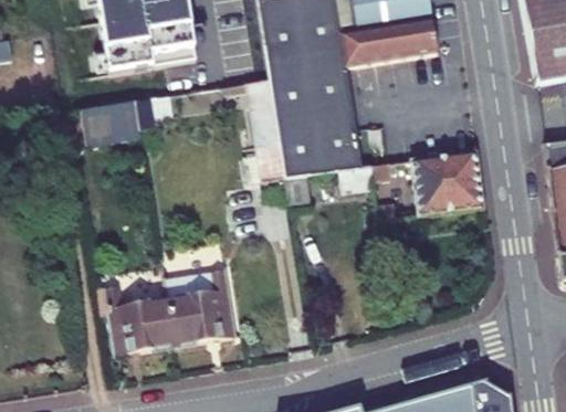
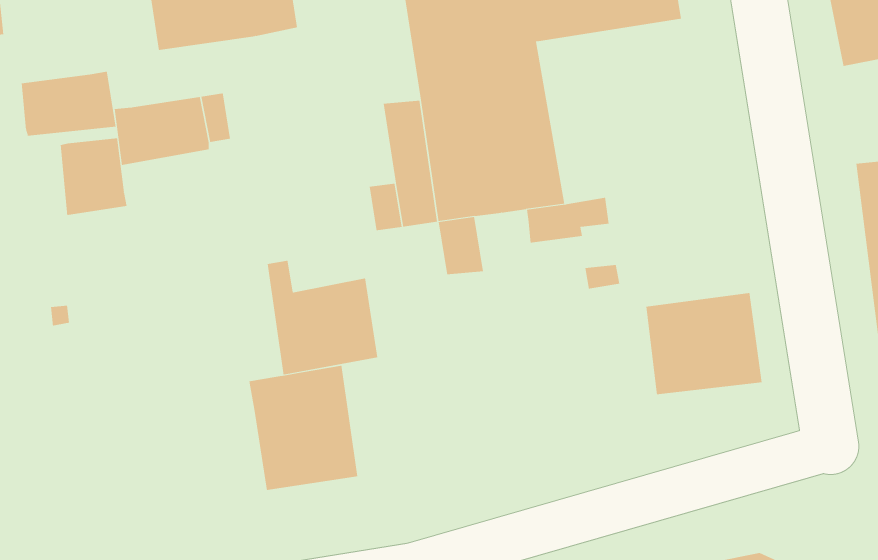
building: none -> [21,71,116,137]
building: none -> [60,137,127,216]
building: [412,150,485,214] -> [646,292,762,395]
building: [108,285,178,357] -> [267,260,378,375]

